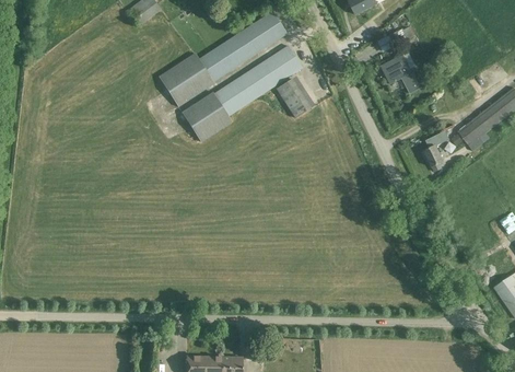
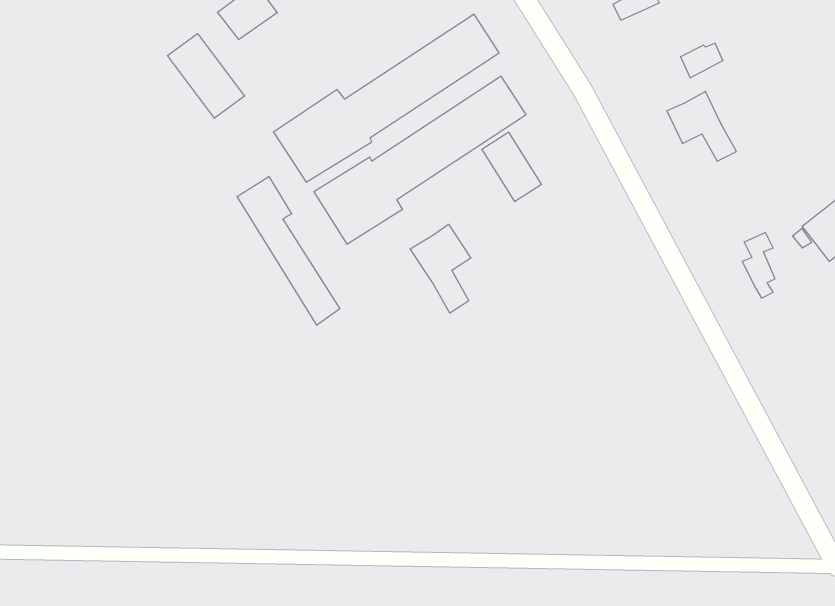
building: none -> [168,34,244,118]
building: none -> [237,176,340,325]
building: none -> [410,224,471,313]

